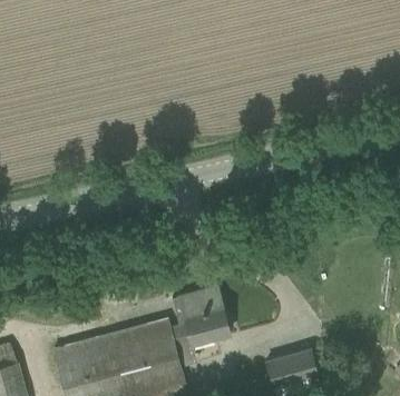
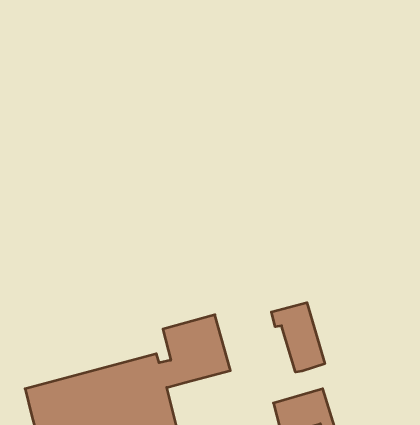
building: none -> [271,303,325,372]

